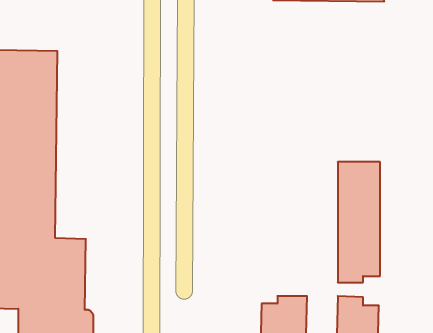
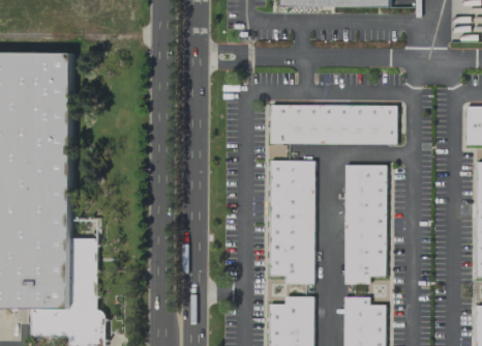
building: none -> [269,105,396,143]
building: none -> [268,161,313,283]

